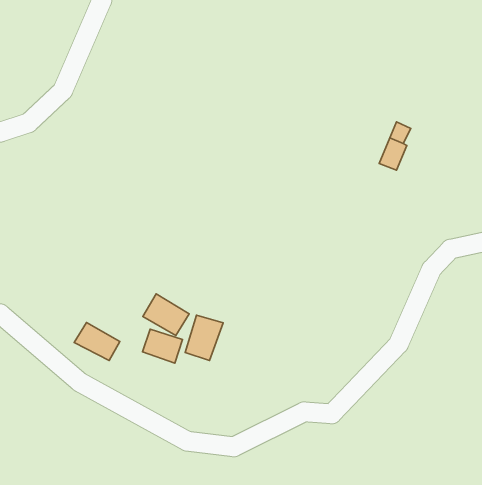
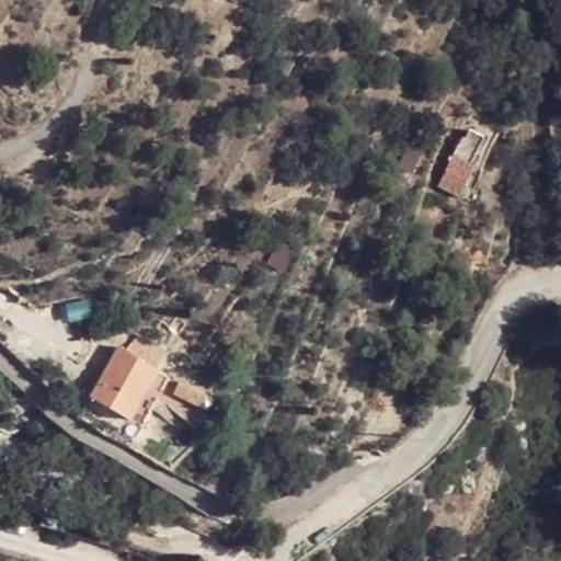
building: [143,294,189,336] -> [104,346,158,394]
building: [185,315,223,361] -> none

